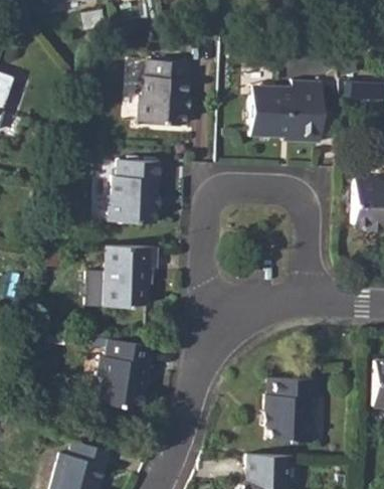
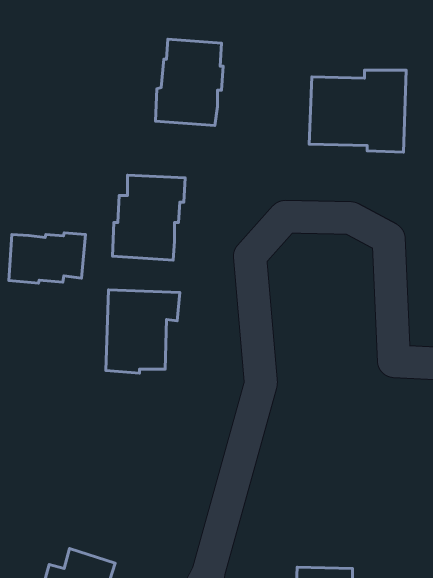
building: none -> [9,233,86,283]
building: [92,339,150,413] -> none
building: [261,377,316,441] -> none

